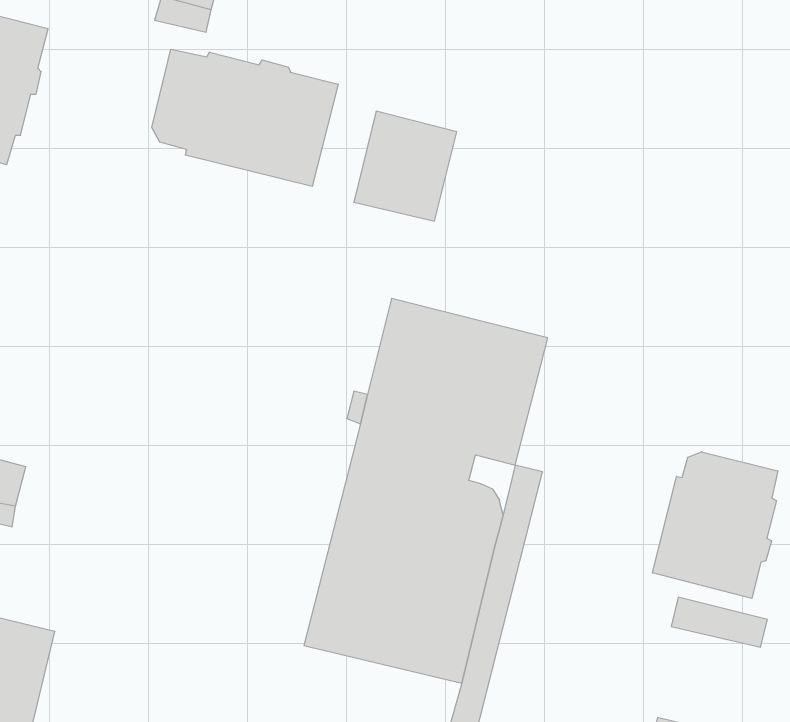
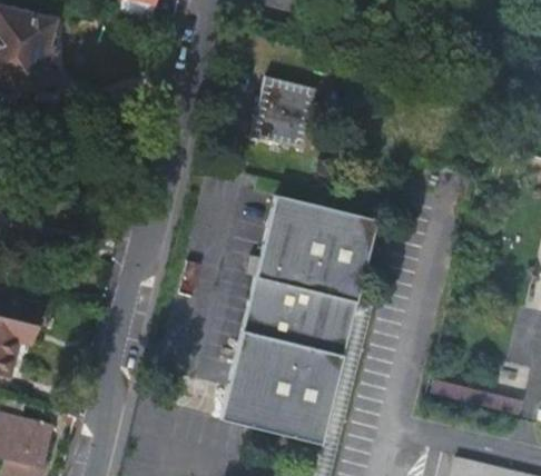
building: [152,49,338,186] -> none
building: [652,452,778,598] -> none

